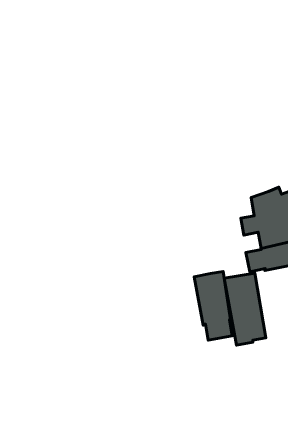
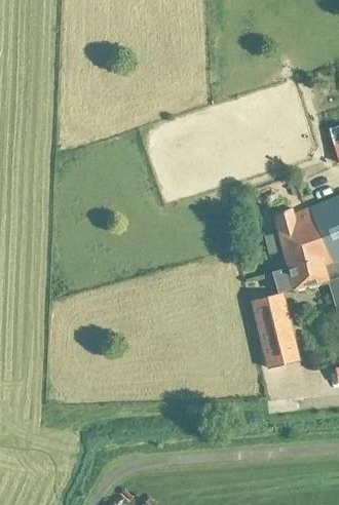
building: [194,271,232,340] -> none

